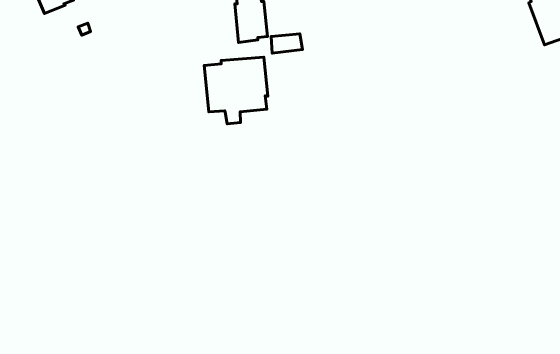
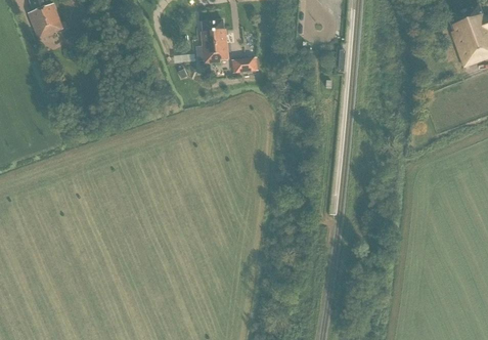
building: [204,57,268,124] -> none

